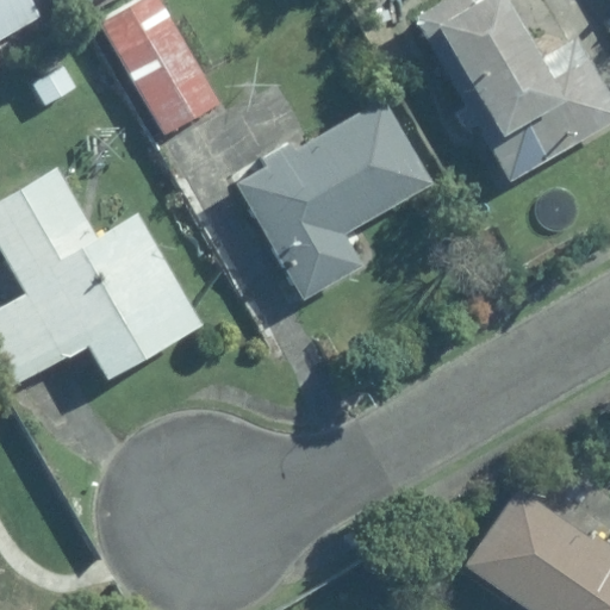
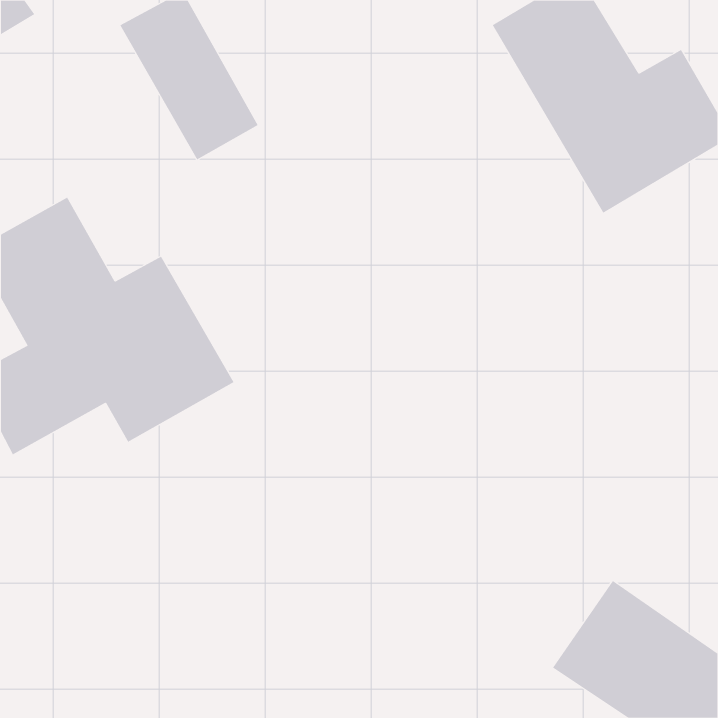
building: [241,102,430,297] -> none

